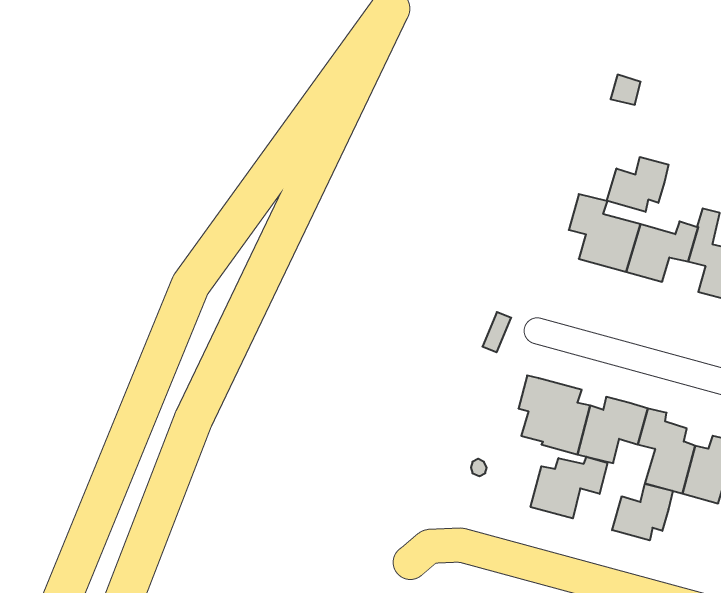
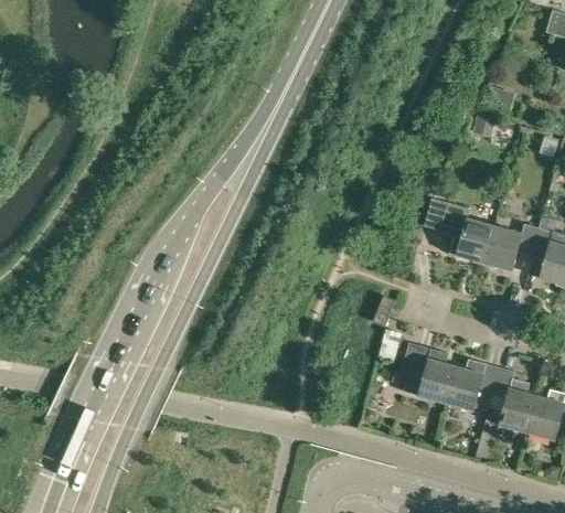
building: [607,157,669,212] -> none
building: [531,457,607,518] -> none
building: [612,484,673,540] -> none

